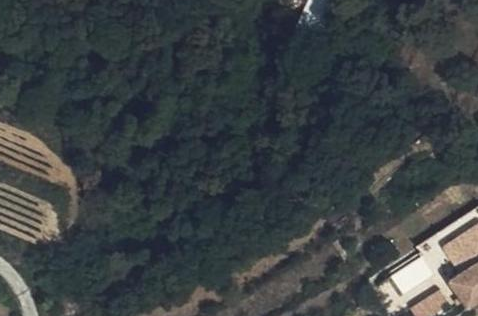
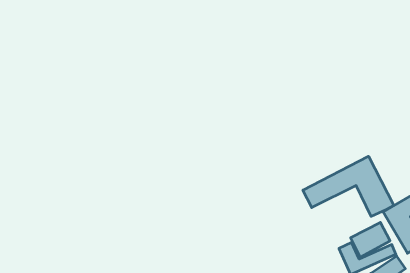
building: none -> [303,156,394,216]

